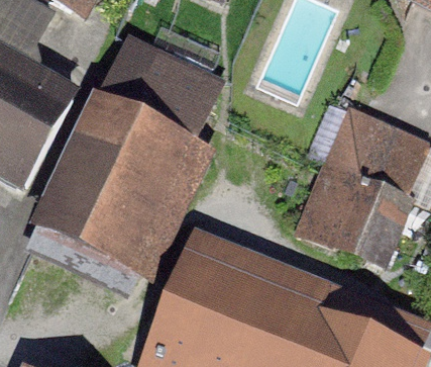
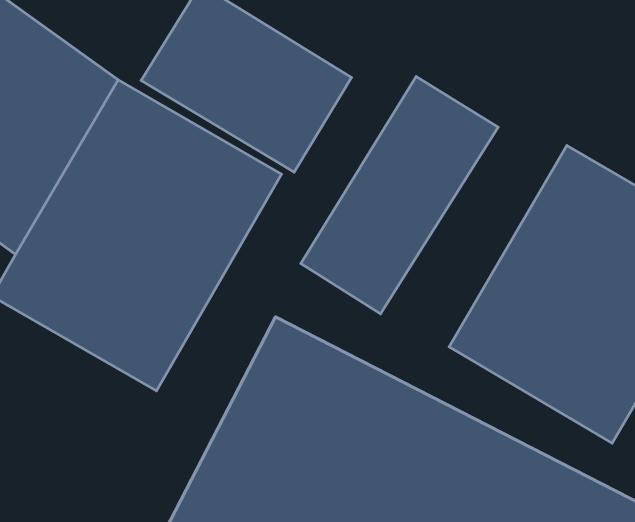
building: none -> [301,77,498,314]

